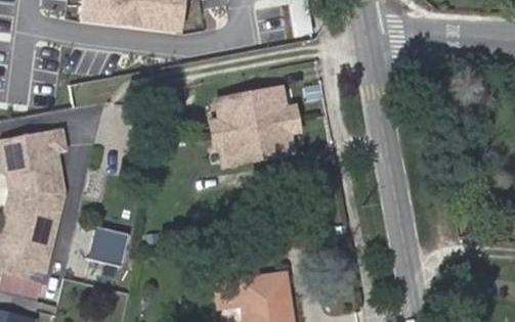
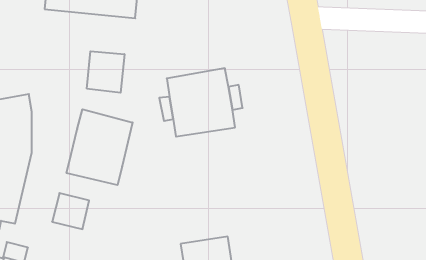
building: none -> [87,51,124,93]
building: none -> [67,109,133,185]

